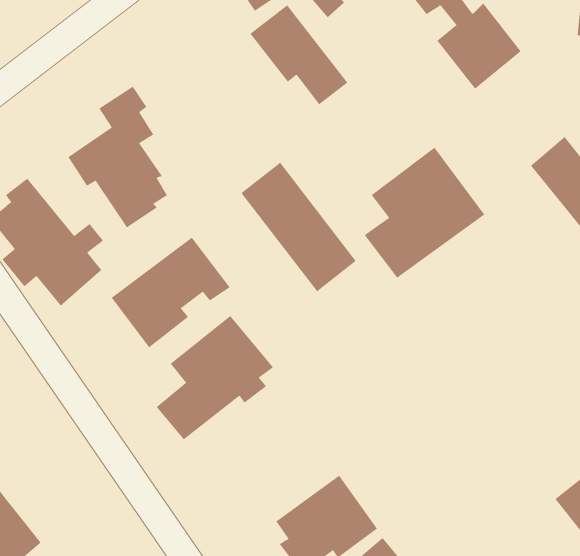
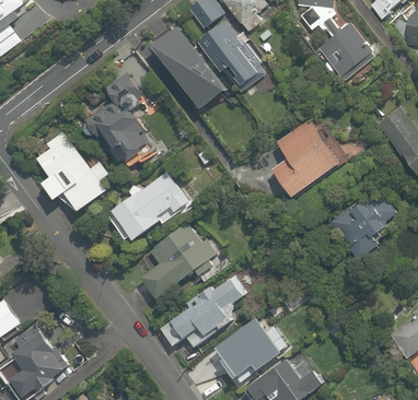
building: [241,162,357,292] -> [151,30,224,111]
building: none -> [330,199,396,262]
building: none -> [165,273,245,342]

